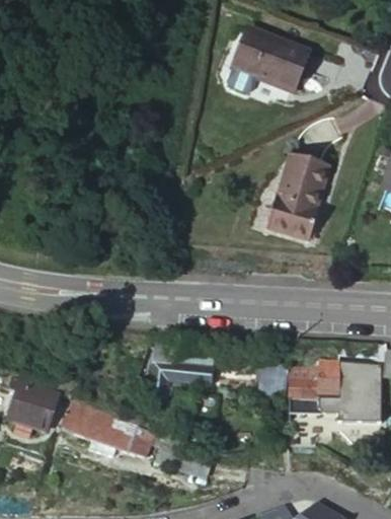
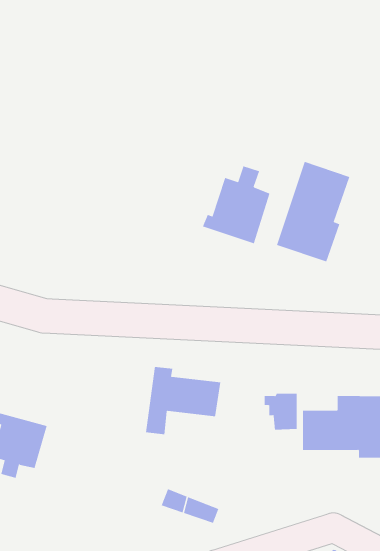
building: [231,28,306,92] -> none
building: none -> [202,166,270,244]
building: [61,397,156,458] -> none

